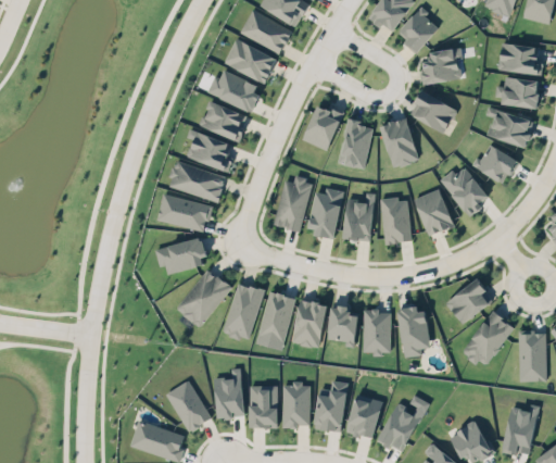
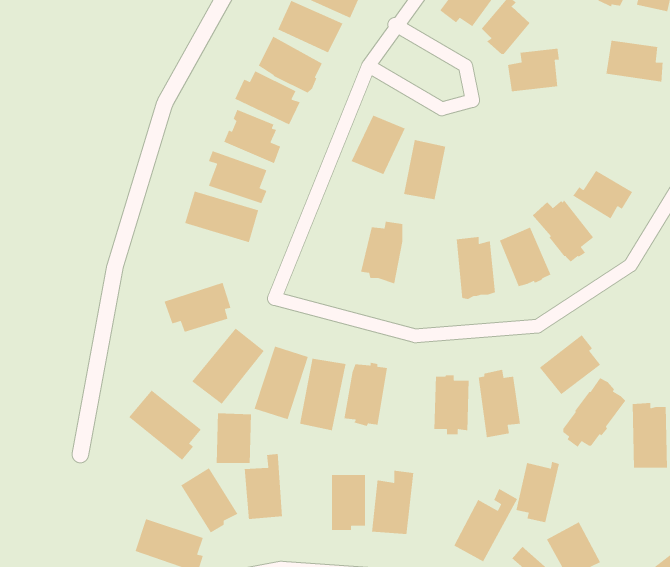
building: [495,77,540,109] -> none
building: [414,90,456,134] -> none
building: [485,107,533,149] -> none
building: [380,120,418,167] -> none
building: [274,176,313,232] -> none
building: [156,193,212,233] -> none
building: [343,193,375,246] -> none
building: [328,300,358,345] -> none
building: none -> [128,389,202,461]
building: [248,383,276,423] -> [216,413,252,464]
building: [343,396,382,435] -> none
building: [502,403,536,452] -> [515,461,560,523]

